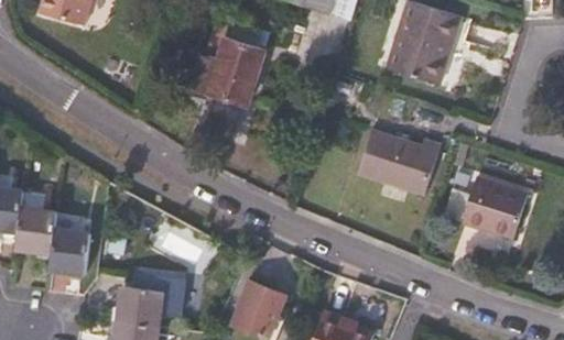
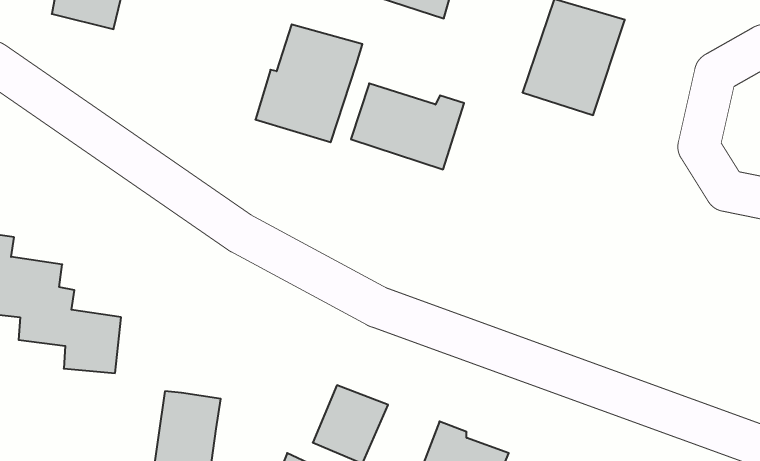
building: [356,132,438,195] -> [351,83,464,169]
building: [459,179,525,239] -> none
building: [135,275,183,317] -> none

